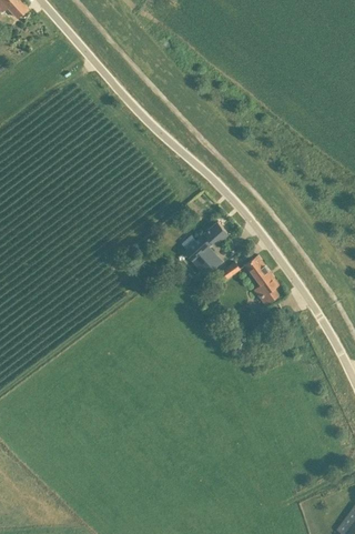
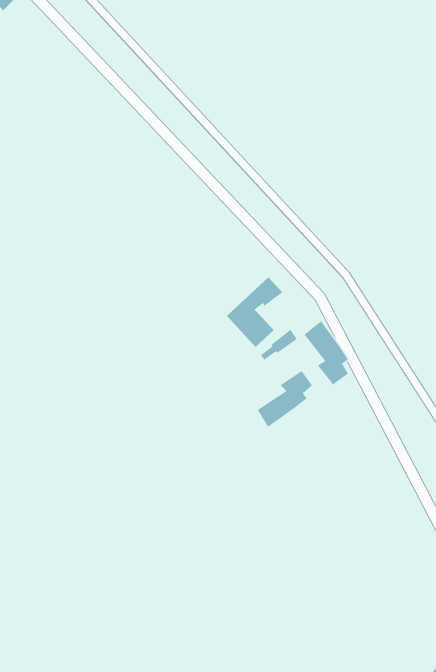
building: none -> [257,370,313,428]

